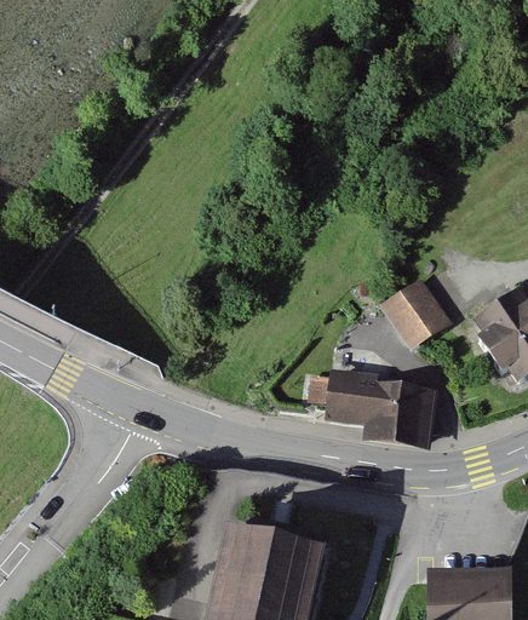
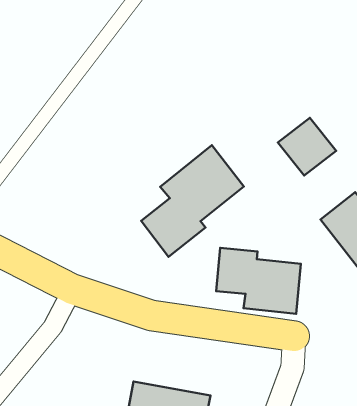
building: none -> [141,145,244,257]
building: [383,280,458,354] -> [278,118,336,175]

